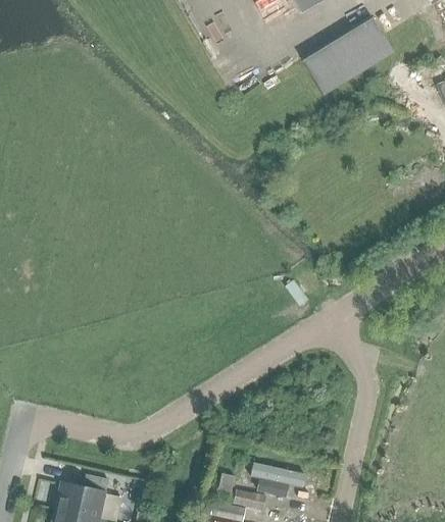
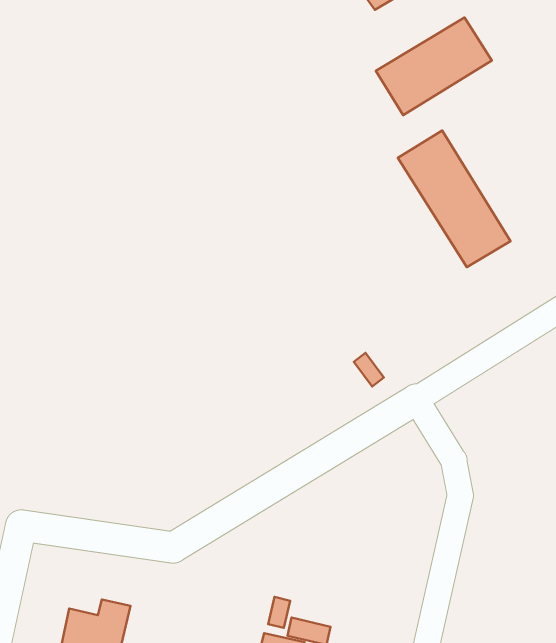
building: none -> [398,131,511,267]
building: [251,464,307,500] -> none

